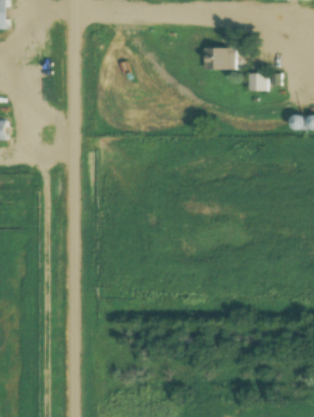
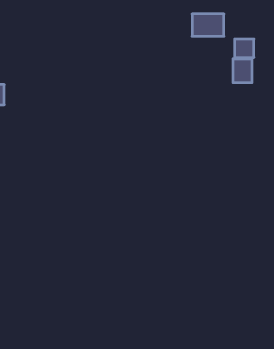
building: none -> [233,59,252,83]

